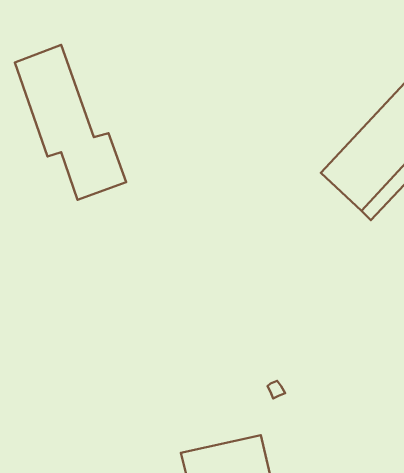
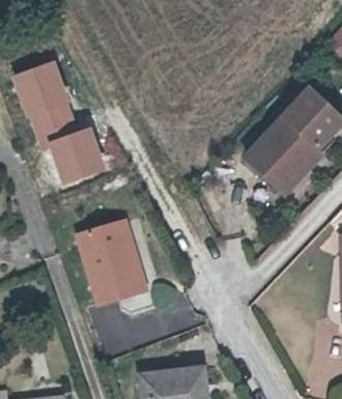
building: none -> [82,226,143,305]

